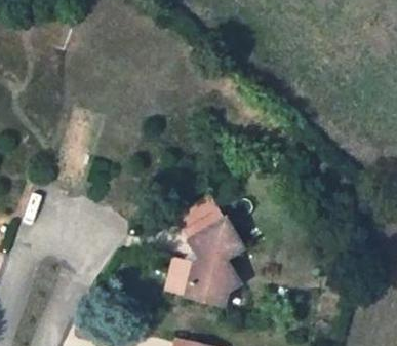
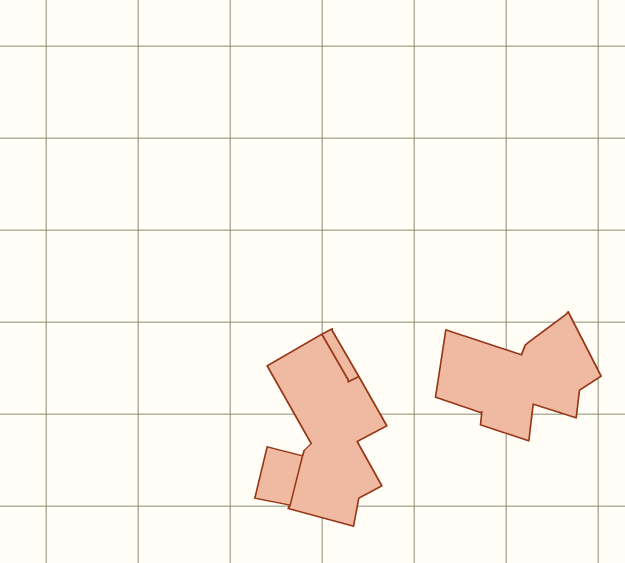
building: none -> [436,312,601,441]

